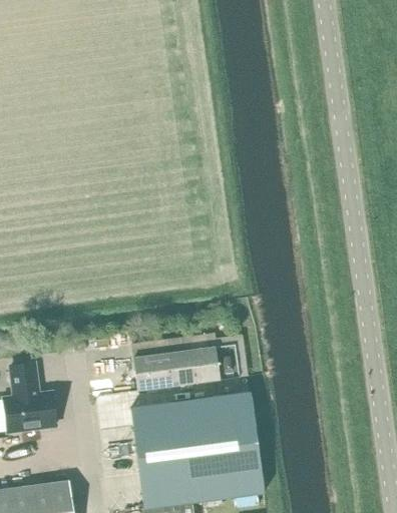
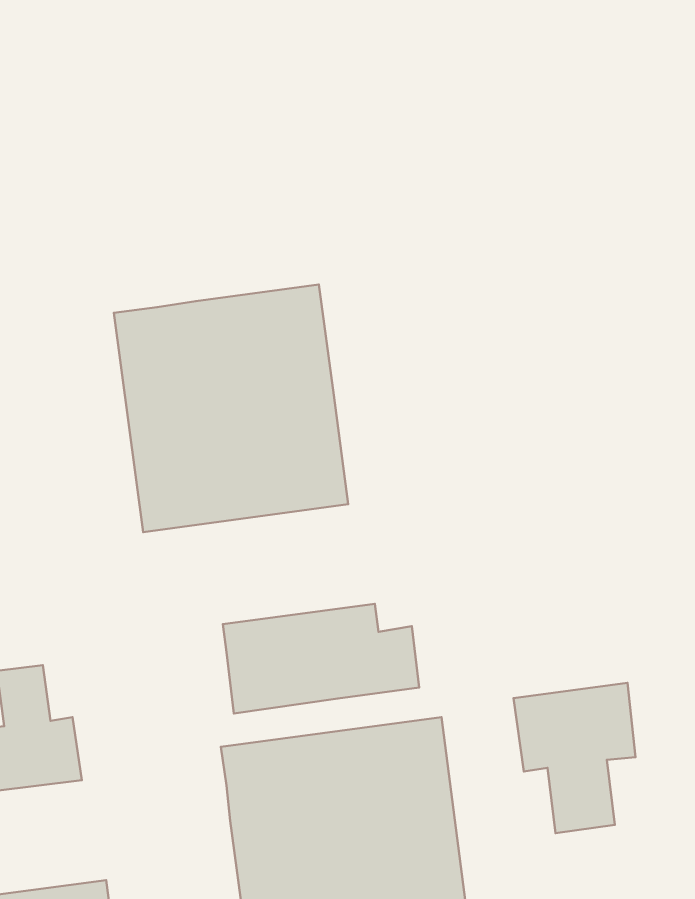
building: none -> [114,285,348,532]
building: none -> [514,683,636,833]

